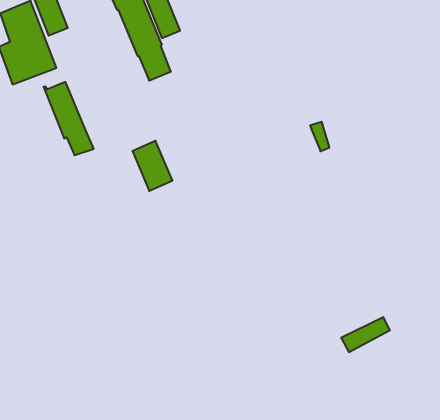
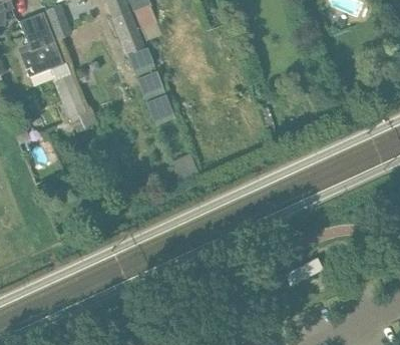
building: [132,141,172,191] -> [140,79,171,118]

